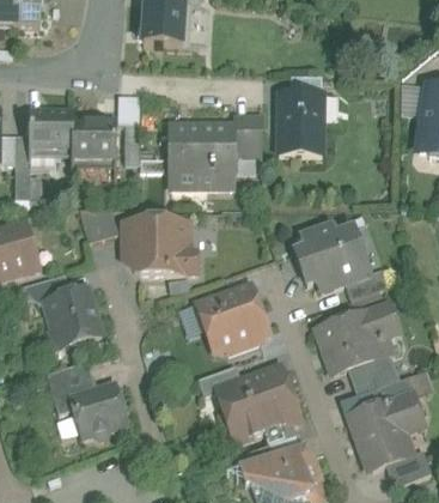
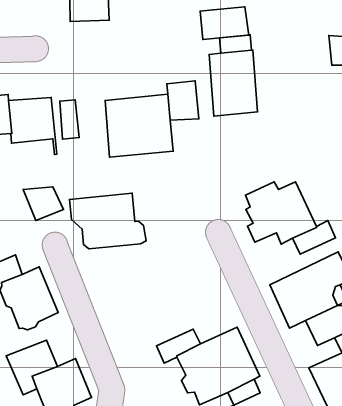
building: none -> [200,7,249,40]
building: [196,284,268,353] -> none

